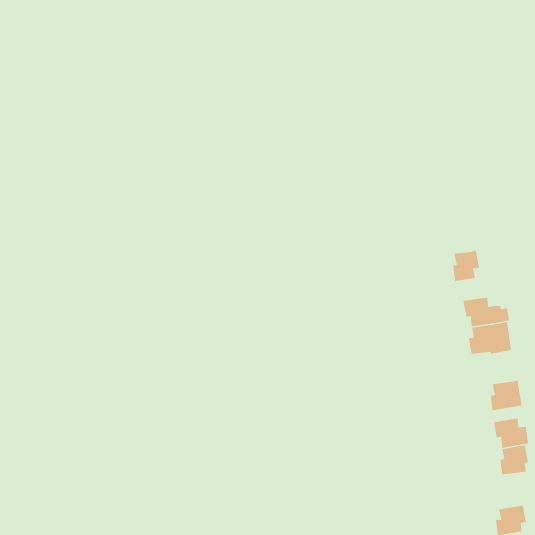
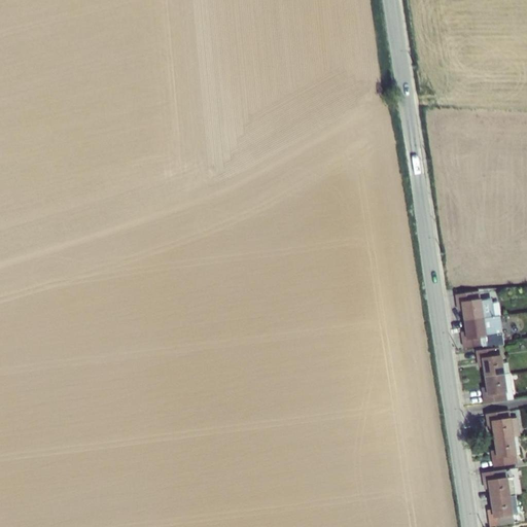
building: [452,250,480,282] -> none
building: none -> [476,348,504,378]
building: none -> [482,470,515,500]

